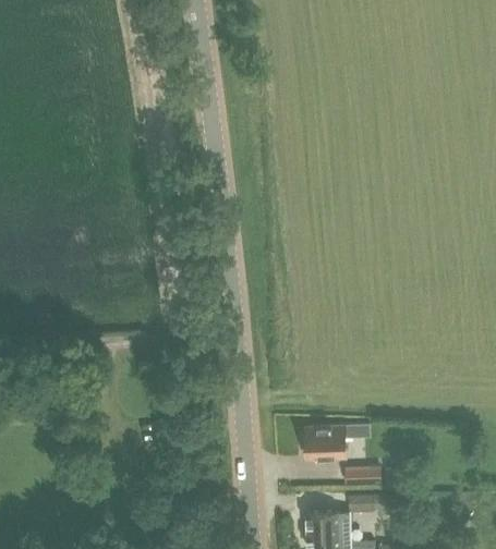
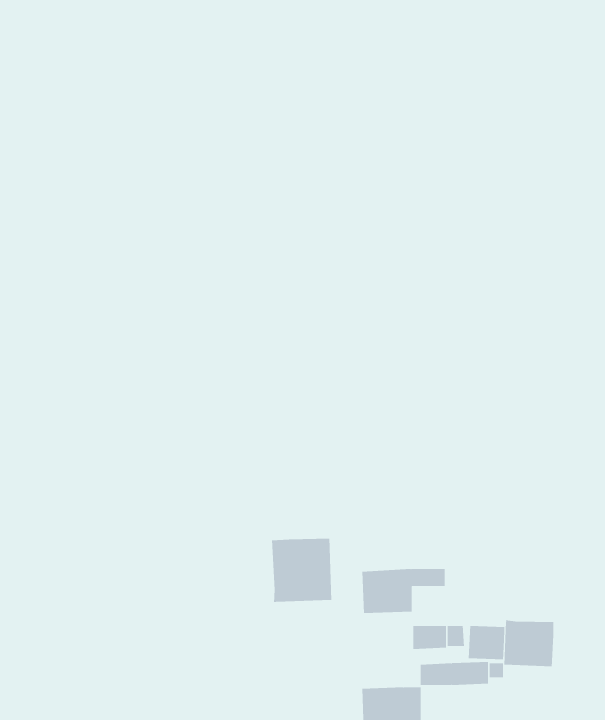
building: none -> [271,538,332,603]
building: none -> [504,620,554,667]

